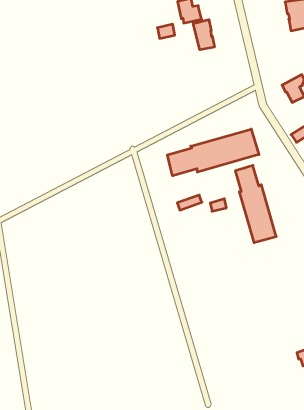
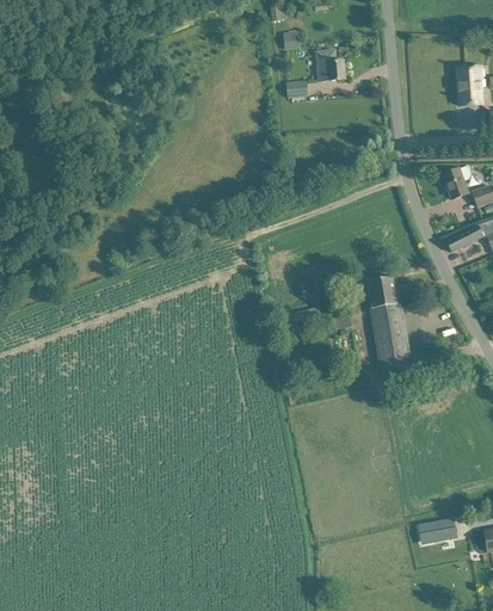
building: [193,20,214,50] -> none
building: [167,129,259,176] -> none

